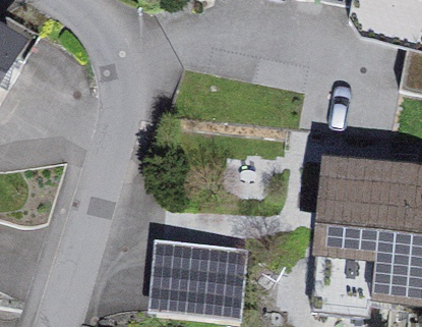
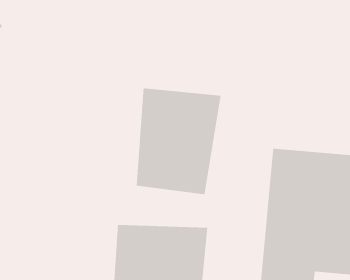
building: none -> [136,88,221,195]

